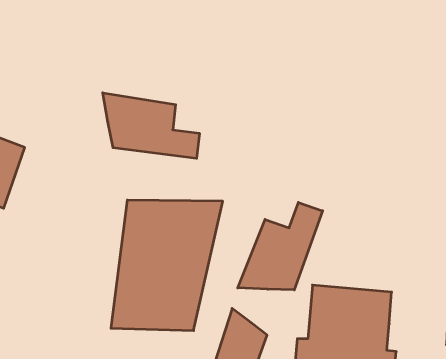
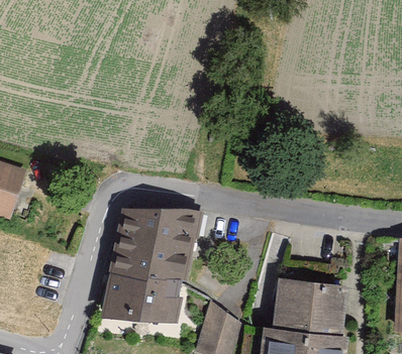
building: [103,93,199,158] -> none
building: [238,202,323,290] -> none

